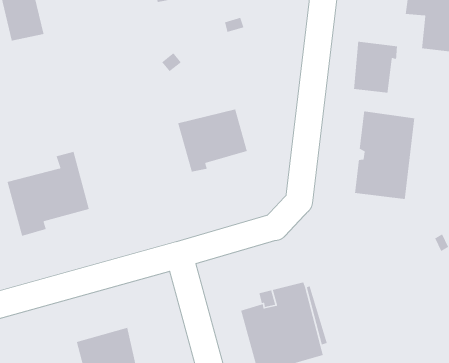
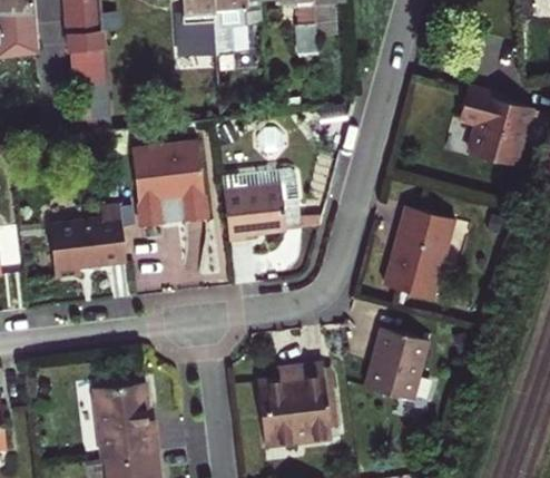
building: [353,41,398,94] -> none
building: none -> [131,142,207,226]
building: none -> [369,329,430,401]

